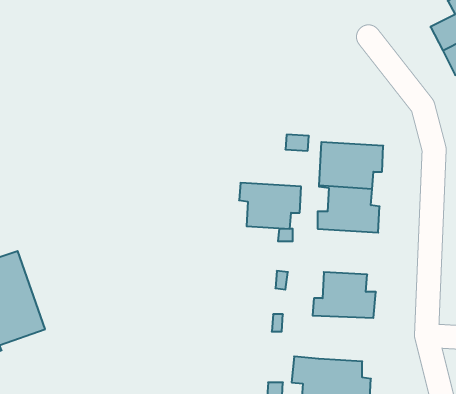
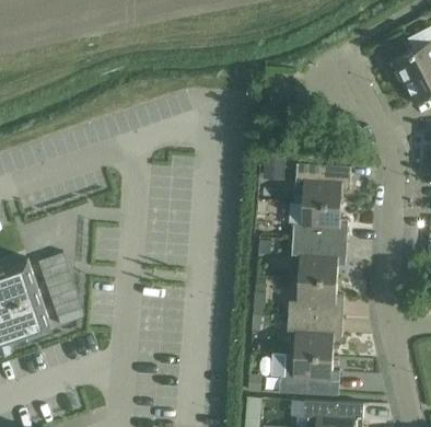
building: [239,183,301,229] -> [291,240,346,280]
building: none -> [38,253,85,325]
building: none -> [287,316,341,357]

